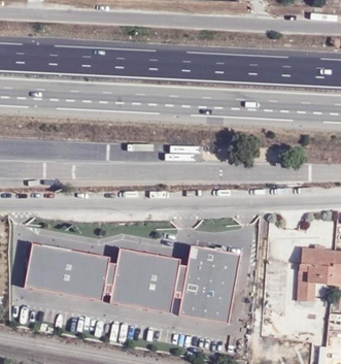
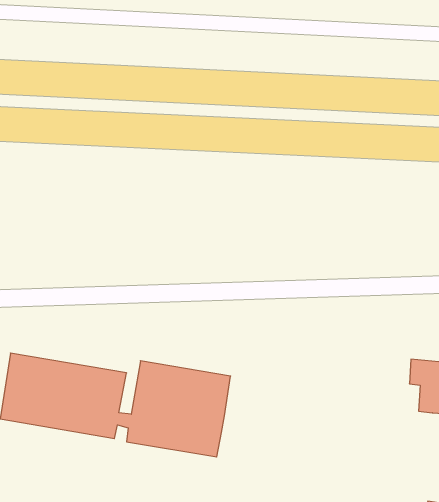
building: [174,246,240,324] -> none
building: [297,264,316,300] -> none

